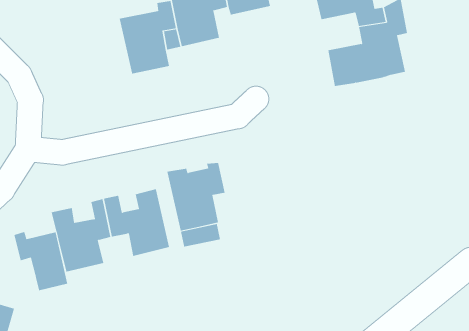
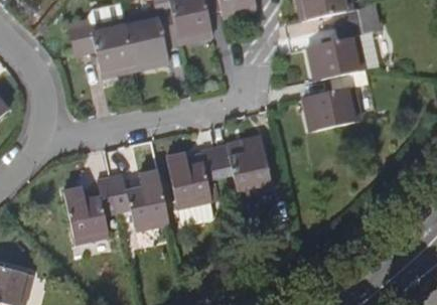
building: none -> [65,19,134,77]
building: none -> [304,71,361,130]
building: none -> [211,134,270,194]
building: [14,231,68,291] -> none

